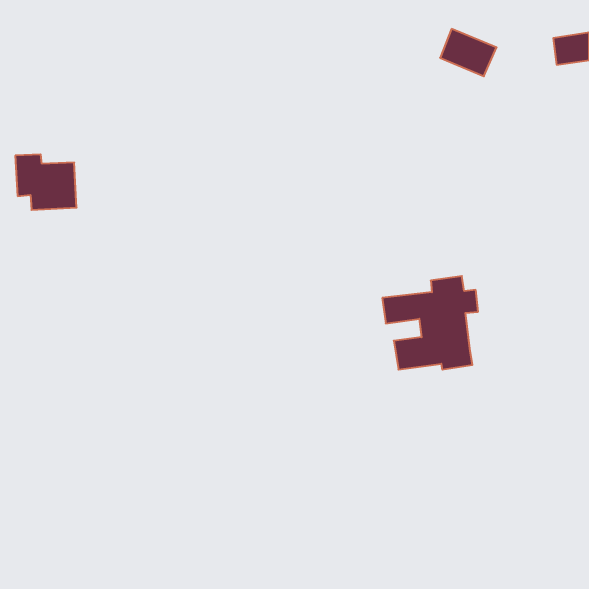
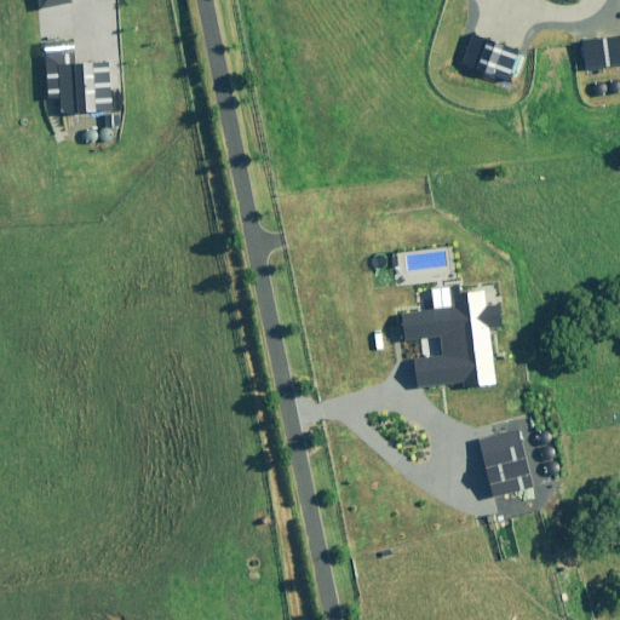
building: [15,154,77,210] -> [45,54,109,113]
building: none -> [478,431,535,500]

